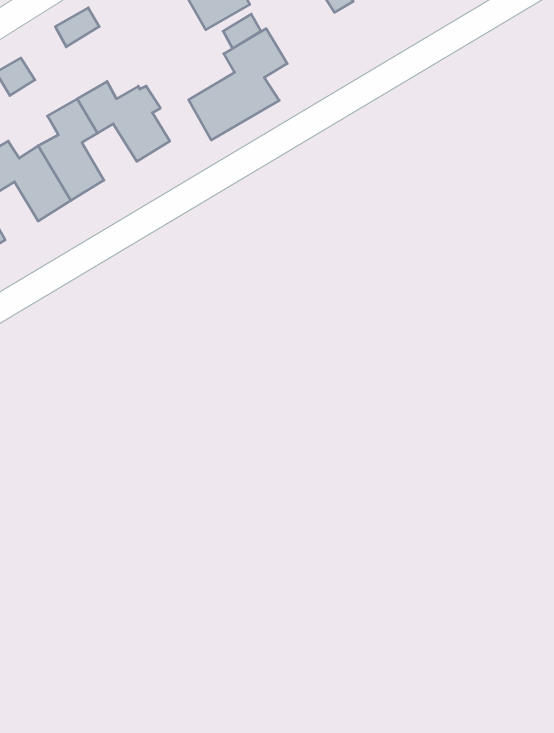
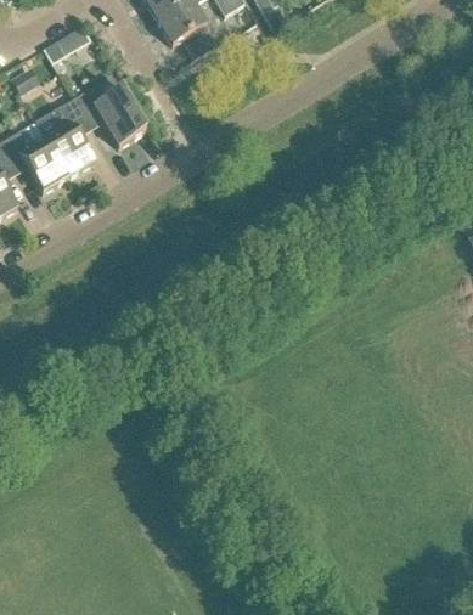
building: [189,29,287,140] -> none

